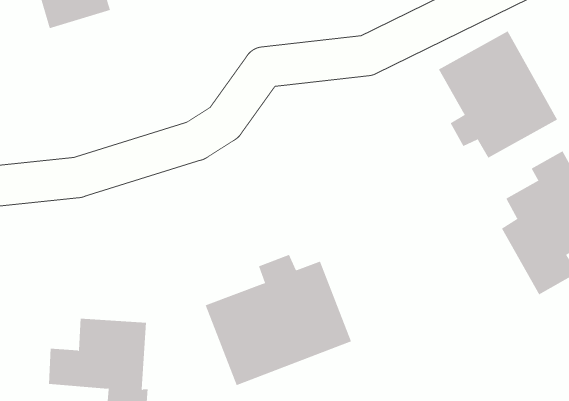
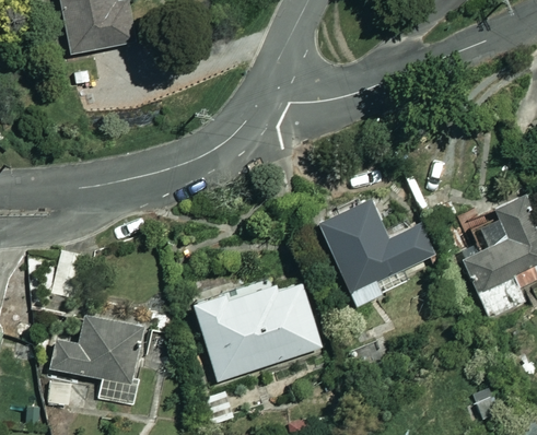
building: [438,30,558,159] -> none
building: none -> [316,197,435,309]

